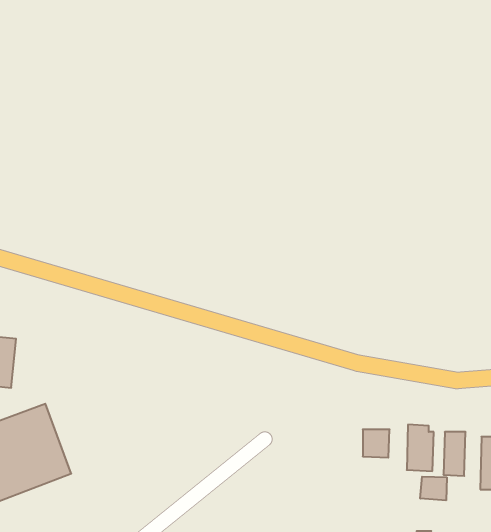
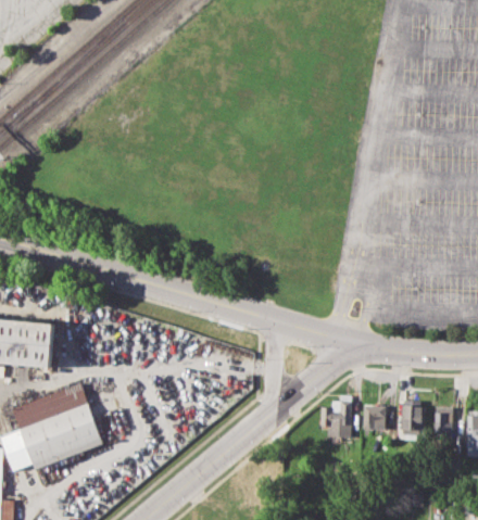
building: none -> [319,395,351,442]
building: [420,477,447,500] -> none

